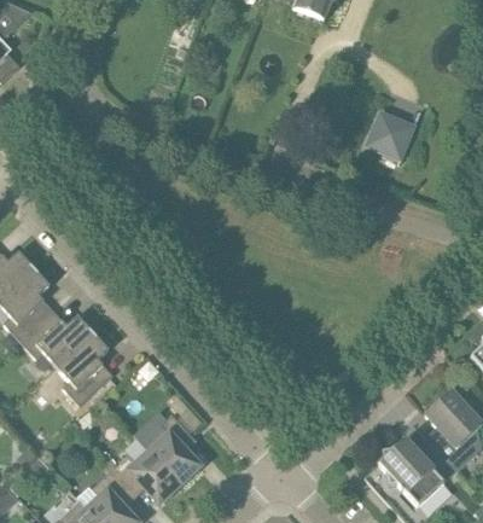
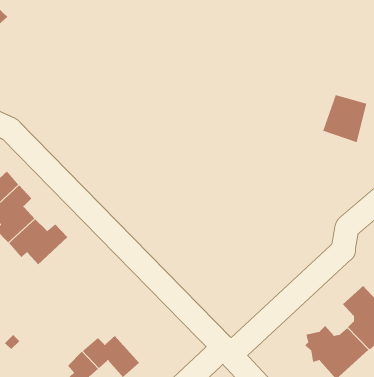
building: [360,110,414,169] -> [322,94,367,143]
building: [57,332,114,405] -> none
building: [150,413,200,484] -> none

